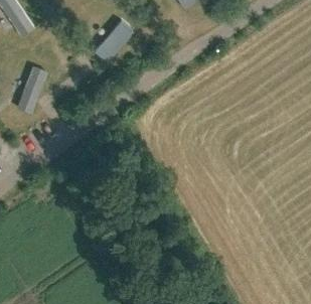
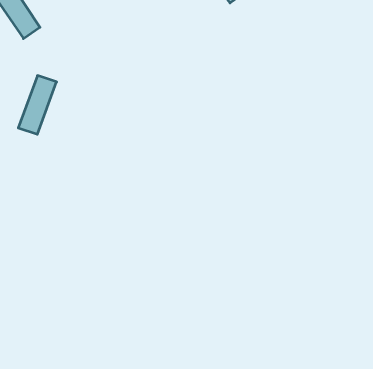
building: [95,19,134,61] -> none

